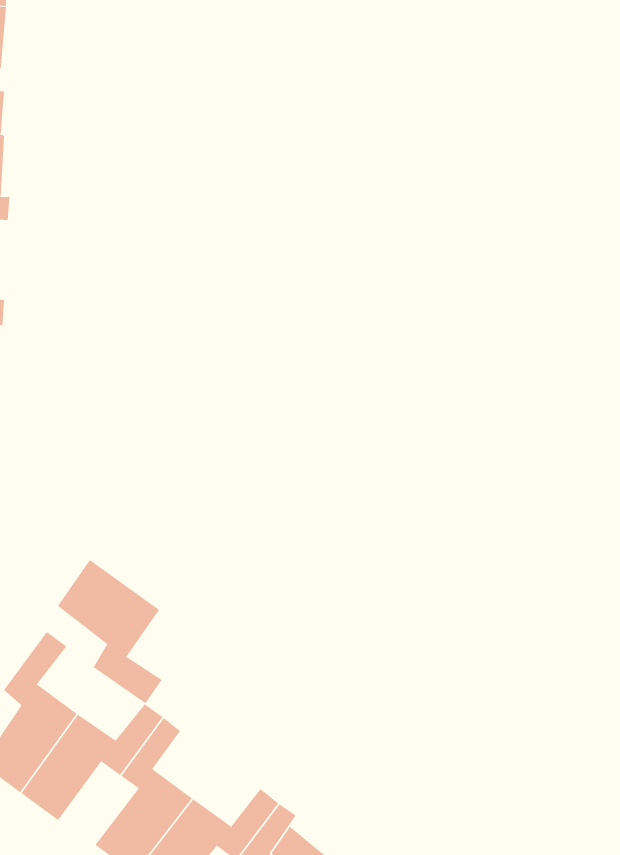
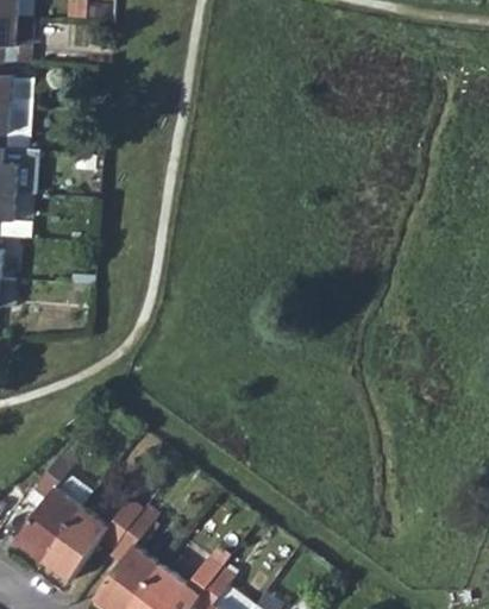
building: [57,559,163,704] -> none

